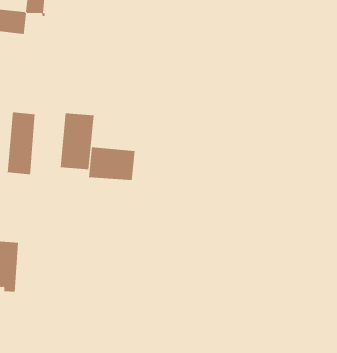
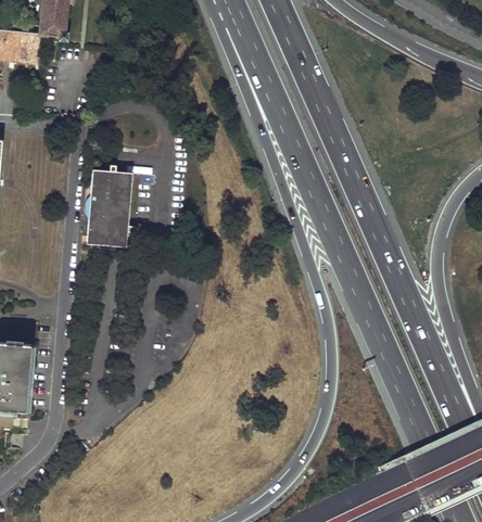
building: [7,111,35,175] -> none
building: [88,147,135,181] -> none

